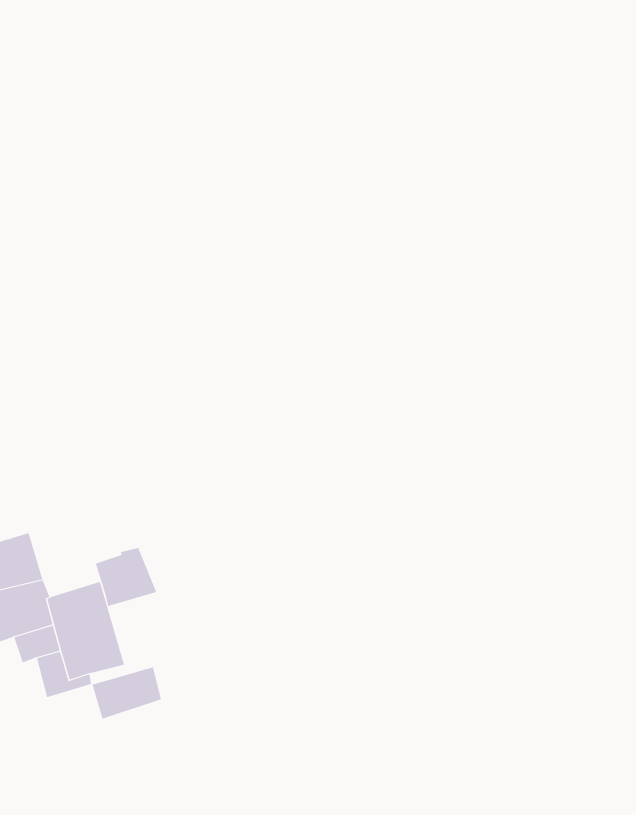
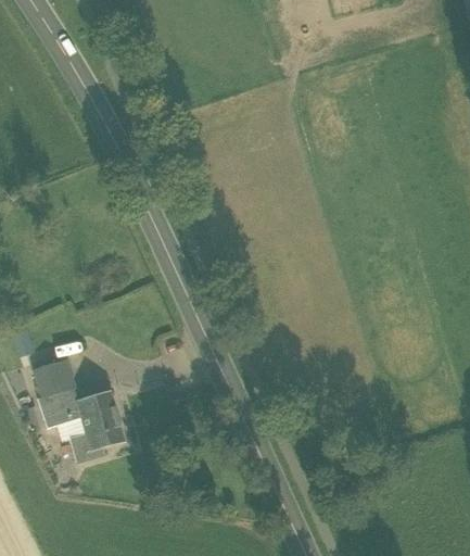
building: [95,547,157,607] -> none
building: [92,667,162,719] -> none

